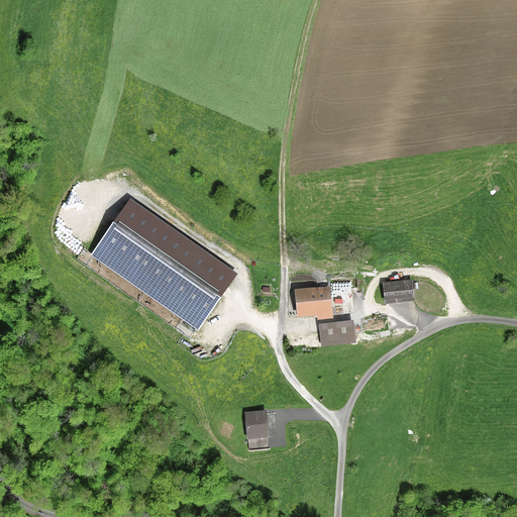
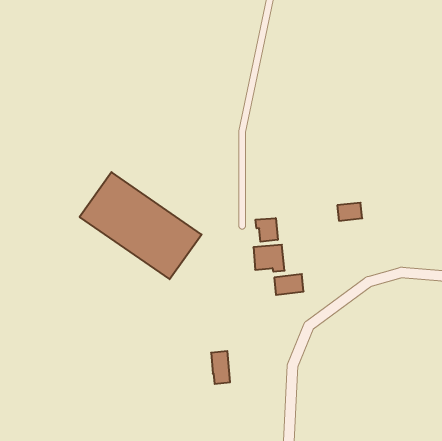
building: none -> [256,218,278,242]
building: [384,280,413,301] -> [337,203,362,221]

